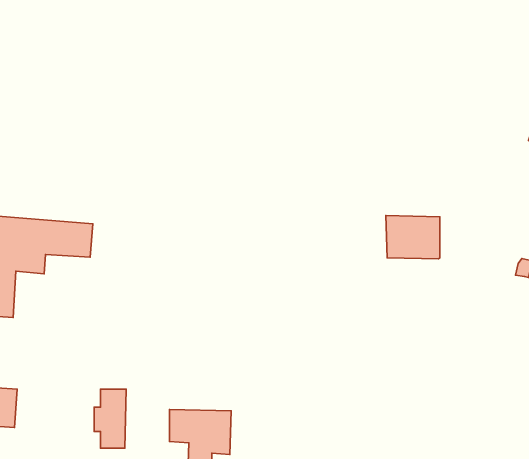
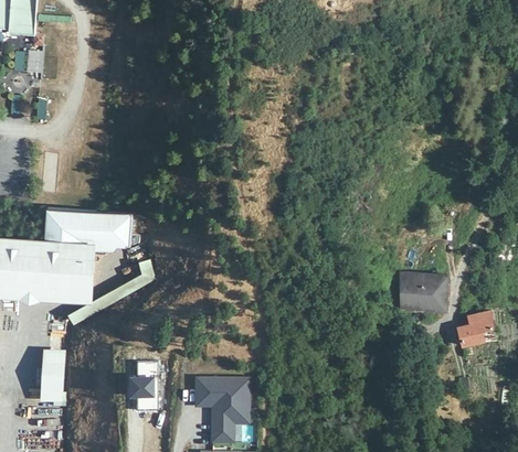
building: [386,215,440,259] -> [400,273,446,311]
building: none -> [61,258,87,298]
building: none -> [456,310,493,347]

